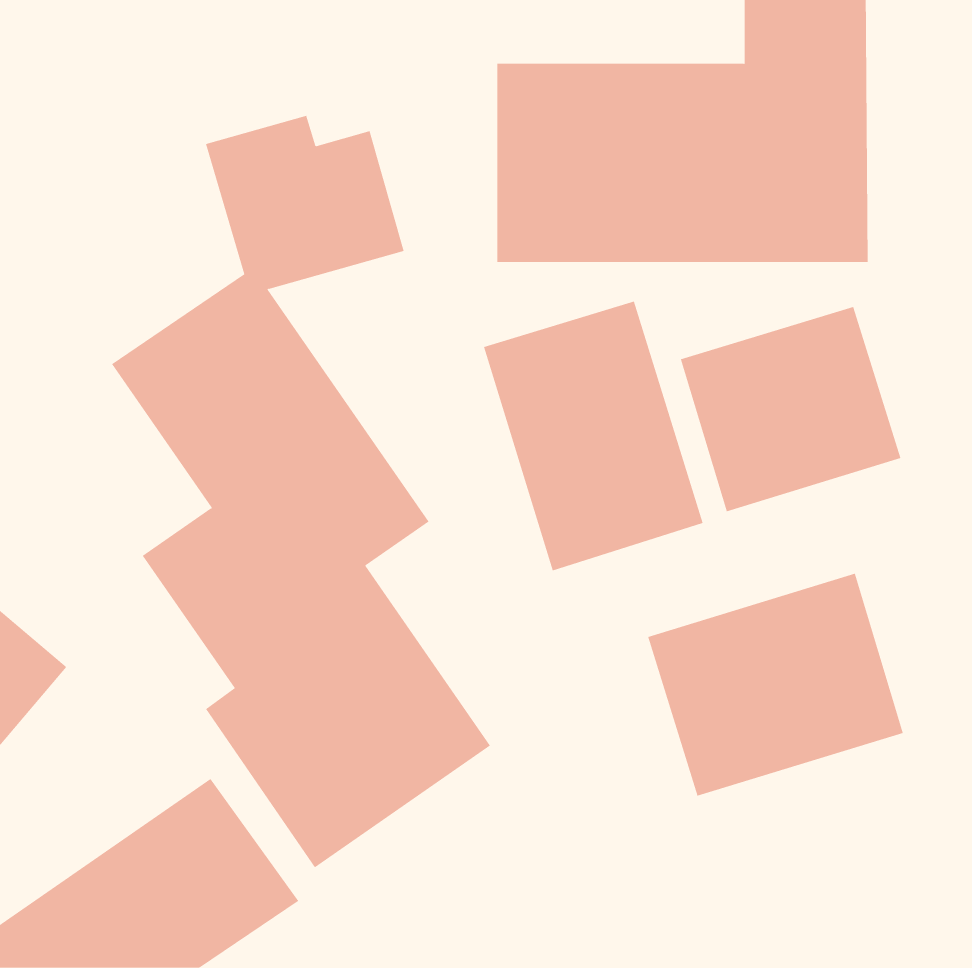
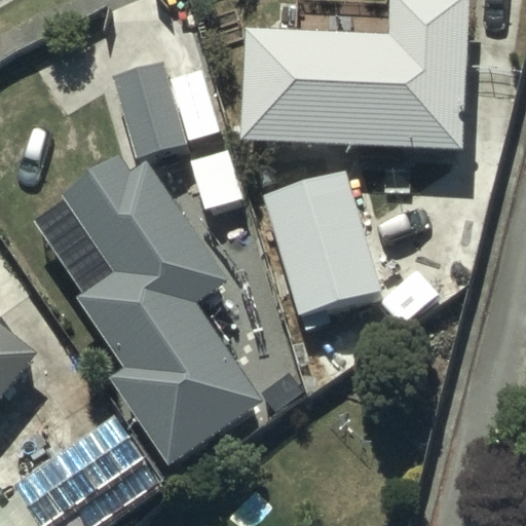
building: [680,306,901,512] -> none
building: [648,573,903,796] -> none

